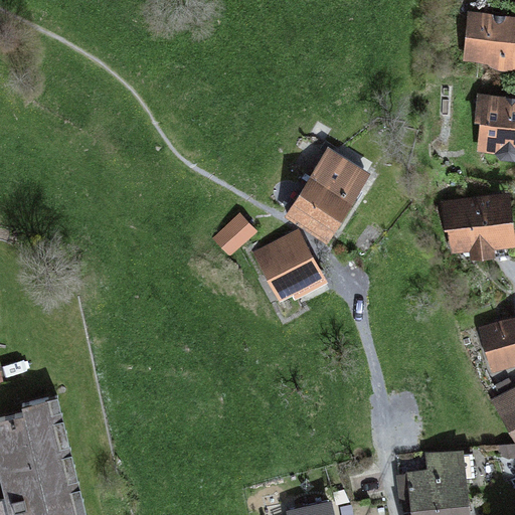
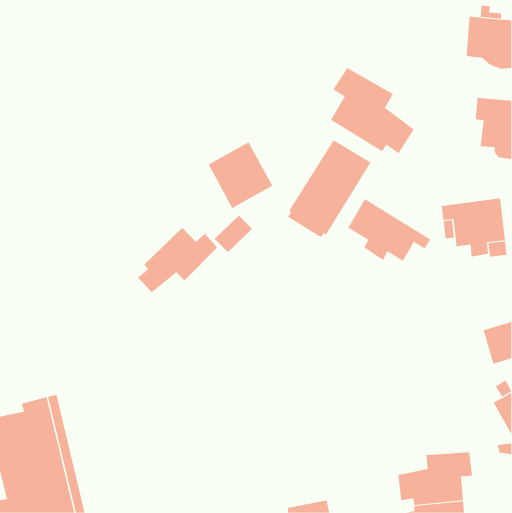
building: none -> [330,67,414,154]
building: none -> [348,198,431,262]
building: none -> [137,227,218,293]
building: [255,231,321,299] -> [208,142,273,209]

